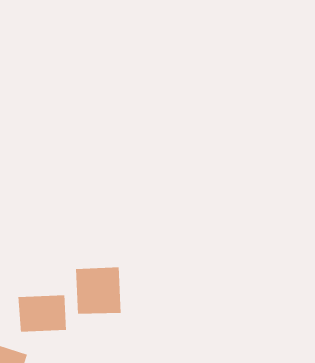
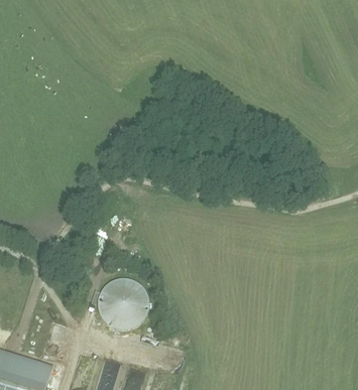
building: [18,295,66,332] -> none

